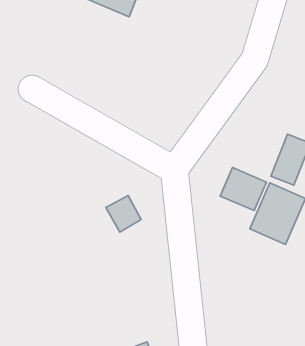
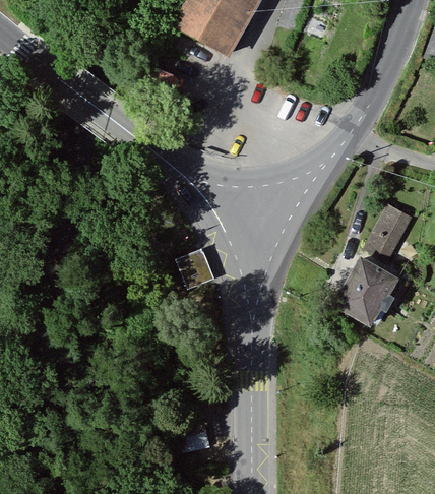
building: [220,168,266,211] -> none

